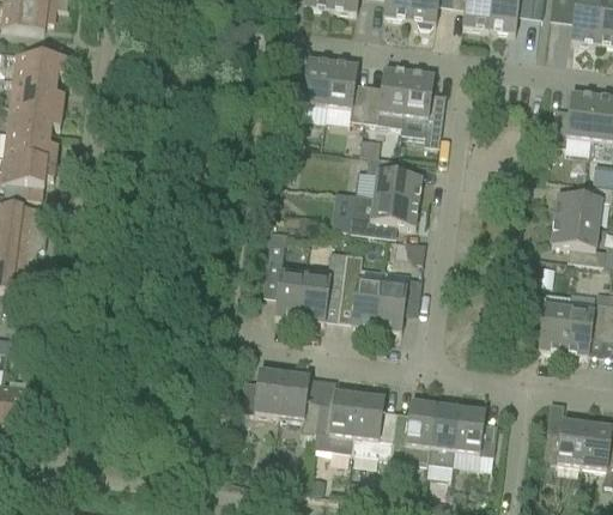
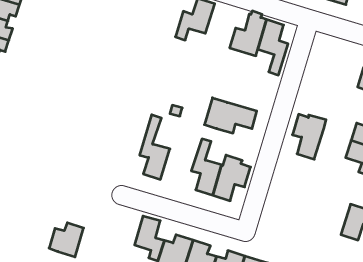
building: [327,61,368,119] -> none
building: [368,156,420,200] -> none
building: [299,250,347,320] -> none
building: [527,291,570,351] -> [292,114,326,159]
building: [241,369,284,414] -> [49,223,84,257]

